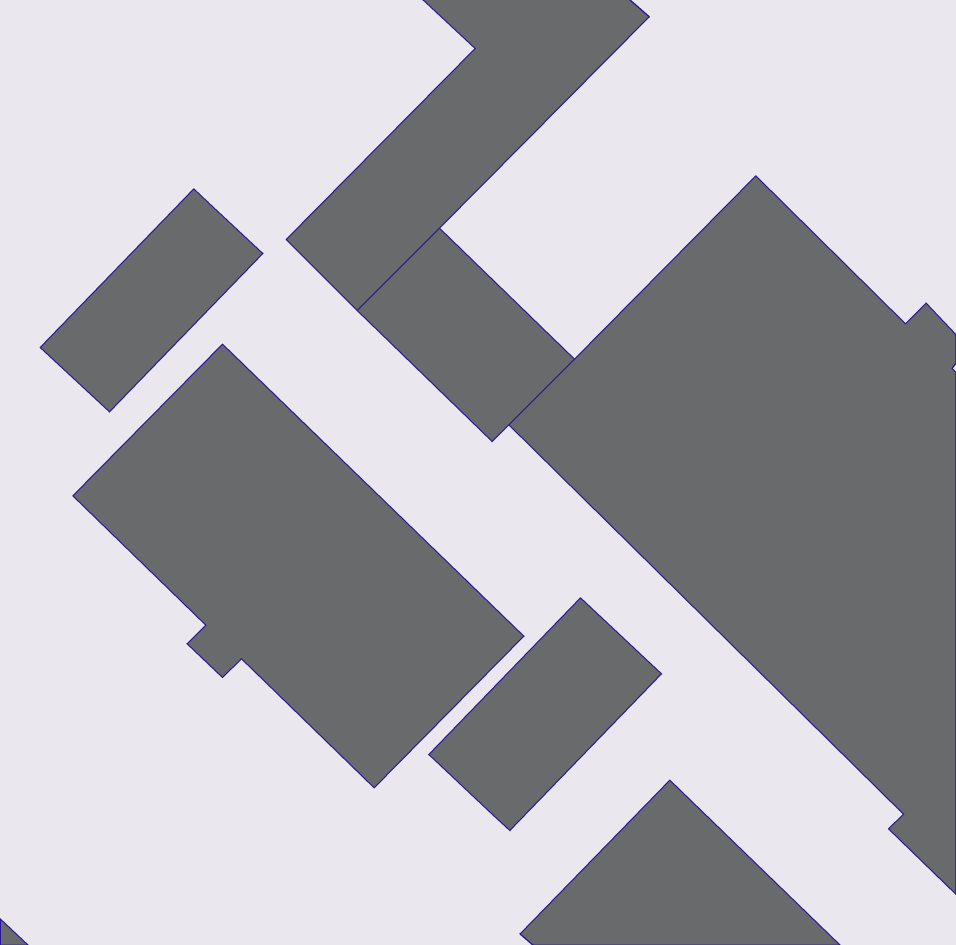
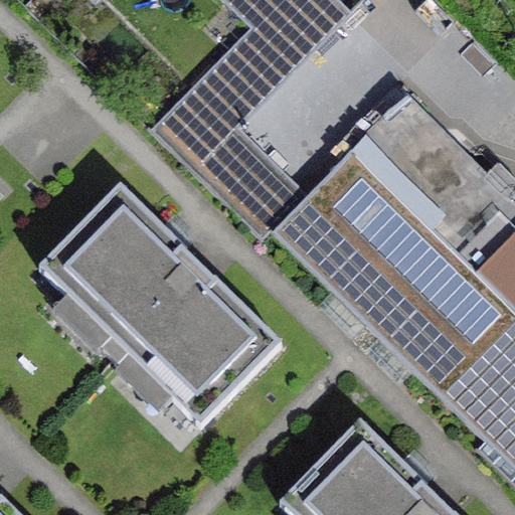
building: [40,189,263,412] -> none
building: [429,598,662,831] -> none

